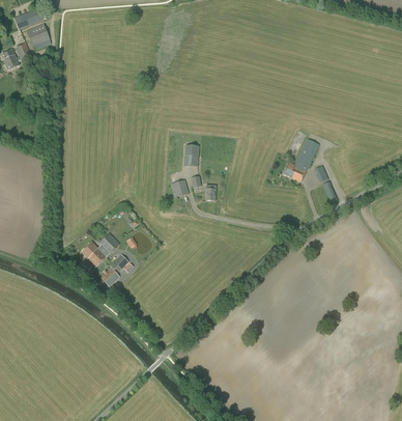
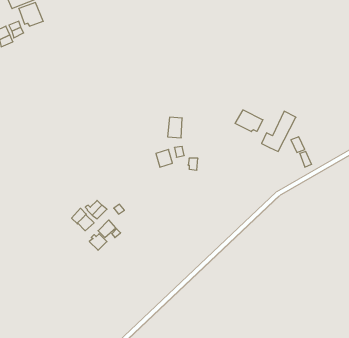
building: none -> [235,110,263,132]

